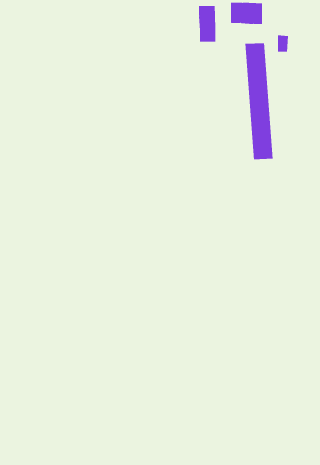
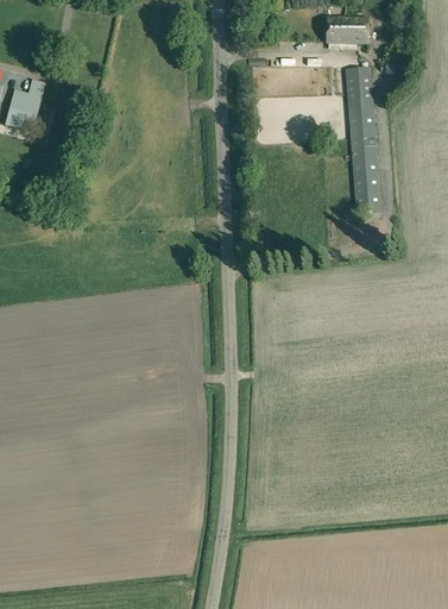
building: [199,5,216,42] -> none

